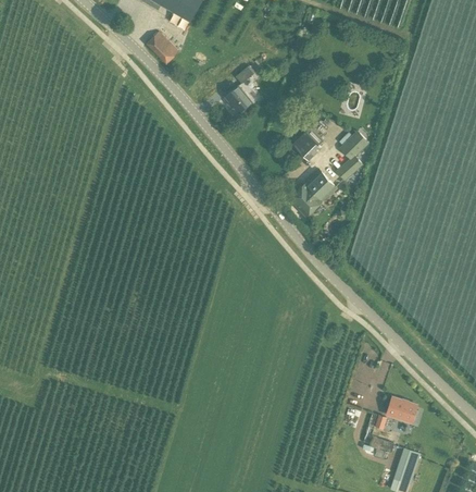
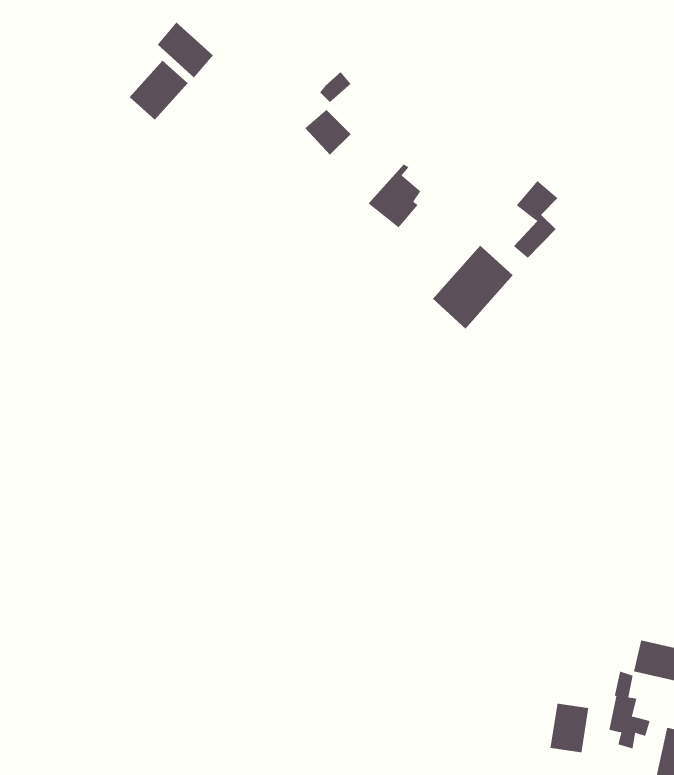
building: none -> [129,60,188,120]
building: [292,123,323,159] -> [368,164,421,228]
building: none -> [550,703,589,753]

